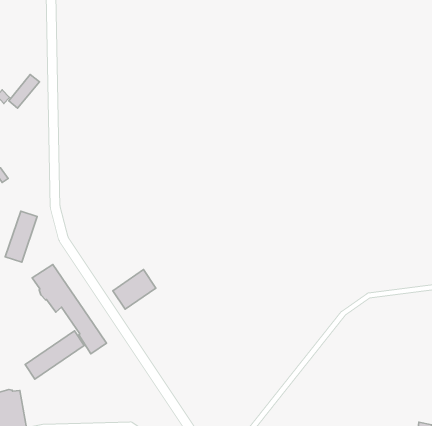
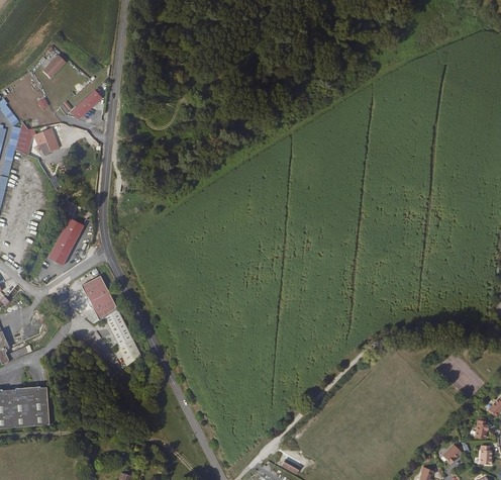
building: [113,270,156,309] -> none
building: [25,331,84,379] -> none

